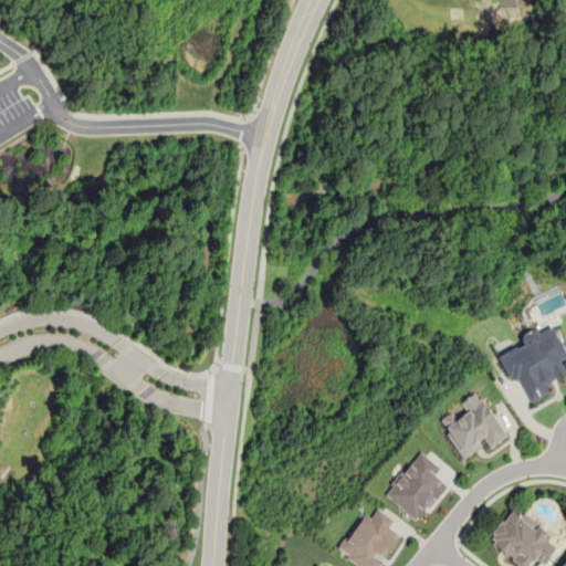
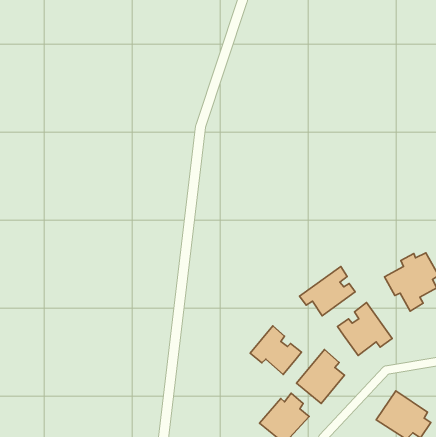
building: none -> [300,267,355,316]
building: none -> [250,326,301,374]

